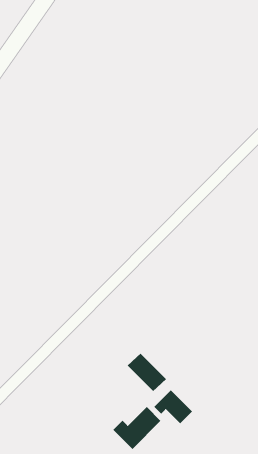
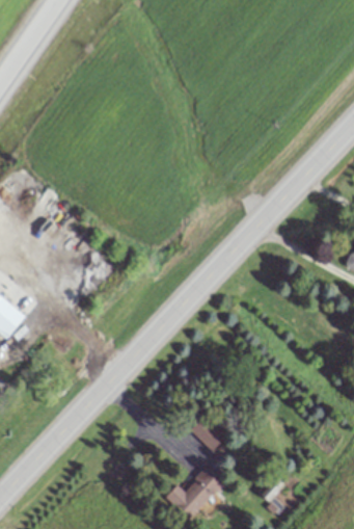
building: [153,389,193,424] -> none

